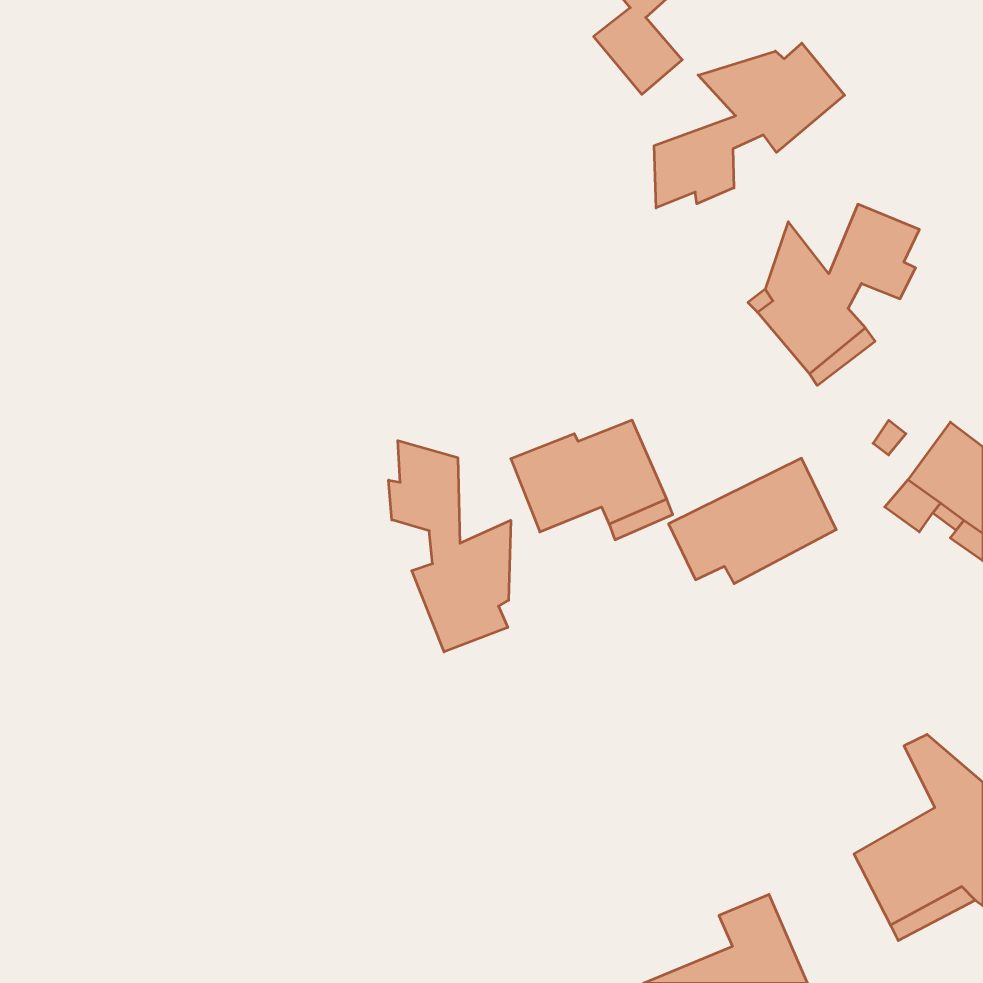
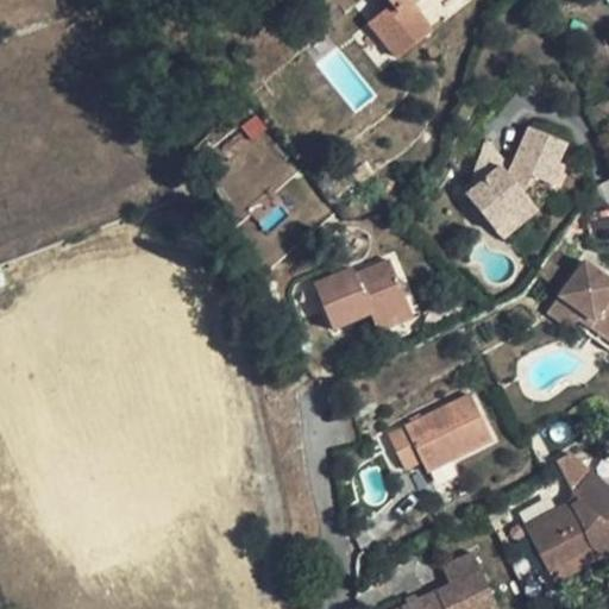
building: [654,43,845,208] -> none
building: [389,441,511,652] -> none
building: [669,458,836,584] -> [389,394,492,471]

